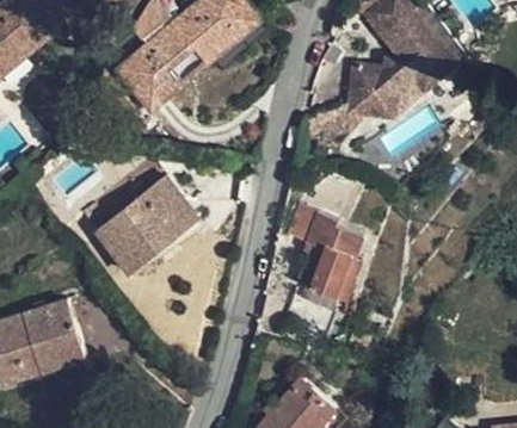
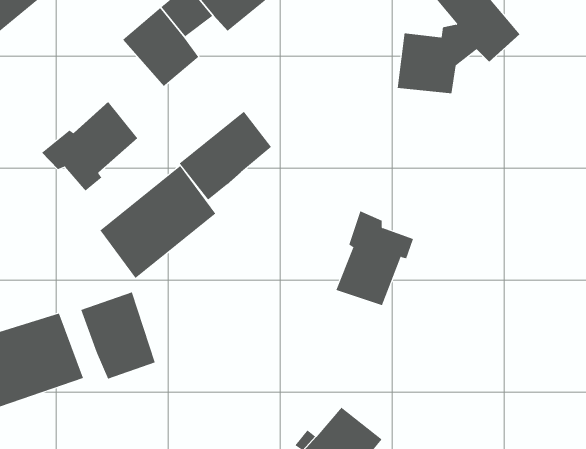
building: none -> [41,101,138,192]
building: none -> [179,111,272,201]
building: none -> [80,292,156,380]

